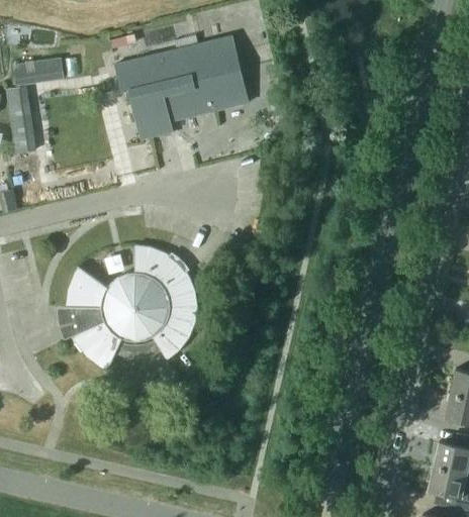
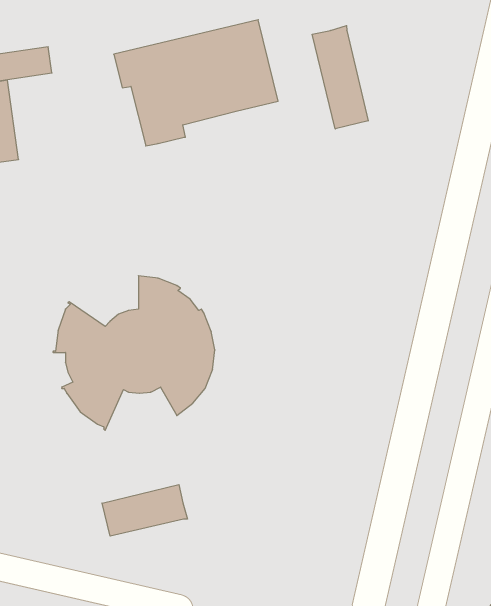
building: none -> [312,26,368,129]
building: none -> [102,485,187,536]

